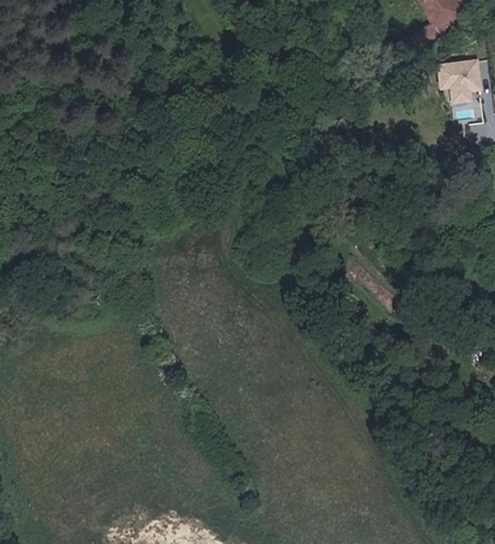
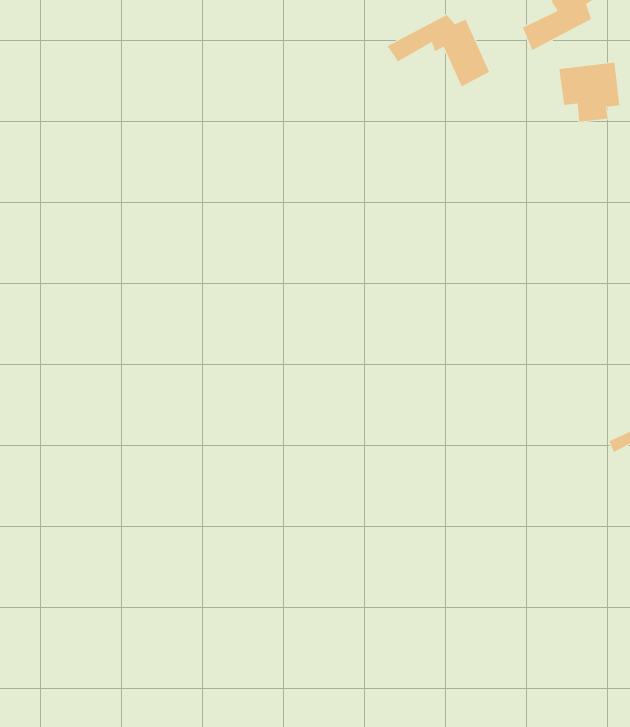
building: none -> [387,14,490,87]

